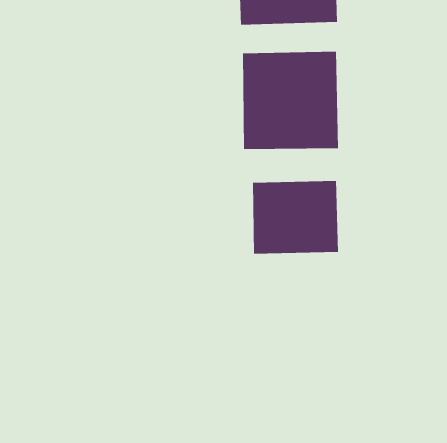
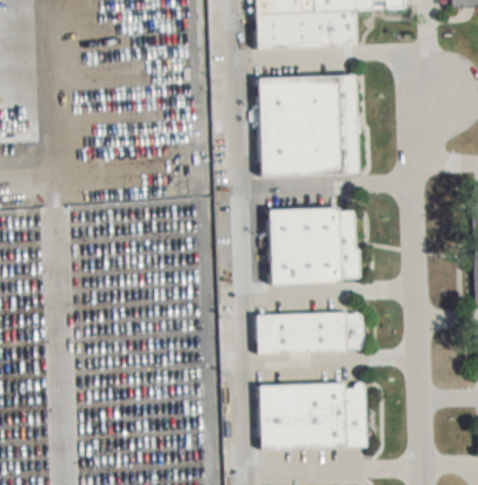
building: none -> [255,313,364,353]
building: none -> [260,383,366,448]

